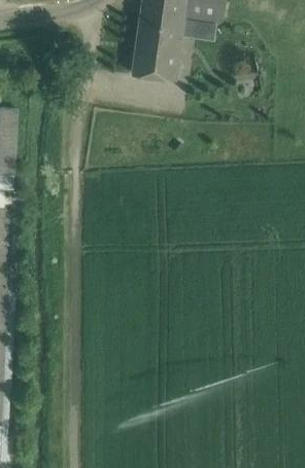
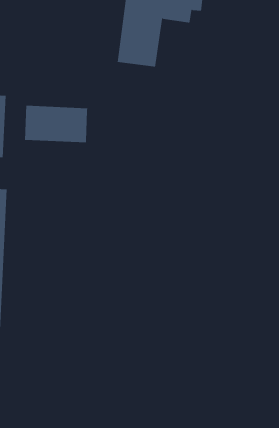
building: none -> [24,105,88,143]

